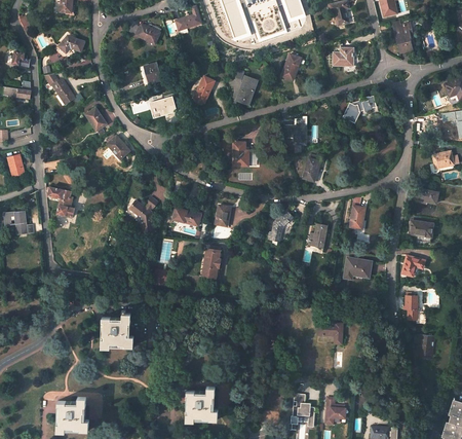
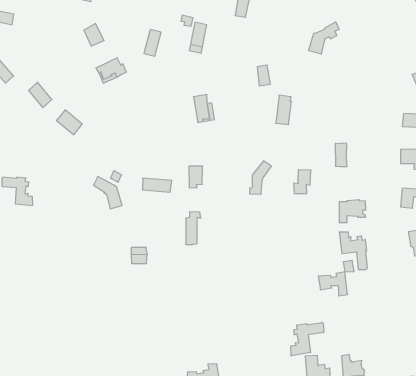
building: none -> [340,232,367,270]
building: [102,314,133,347] -> none
building: none -> [291,322,324,356]

